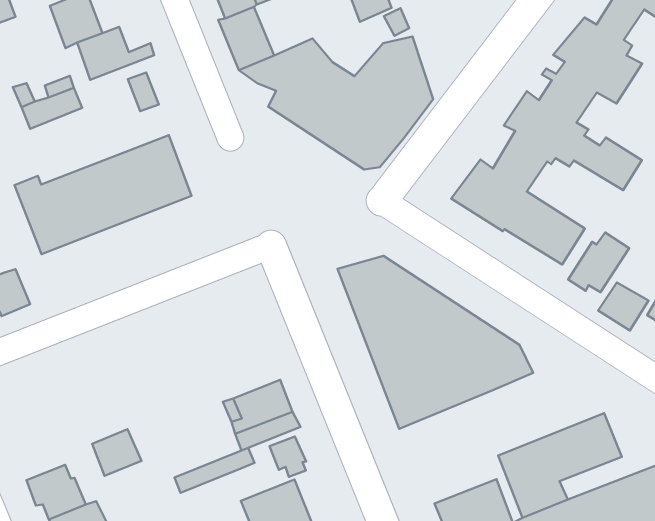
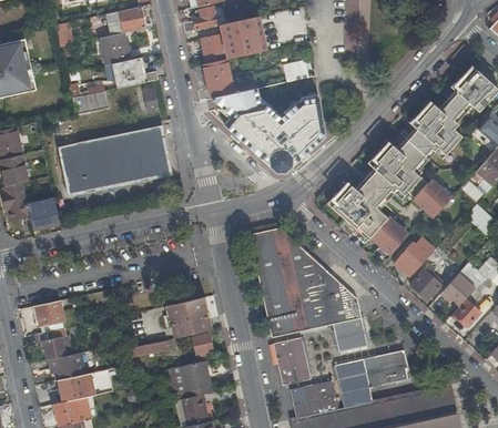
building: none -> [336,317,370,353]
building: none -> [271,337,308,385]
building: [92,429,141,476] -> [34,298,63,325]

